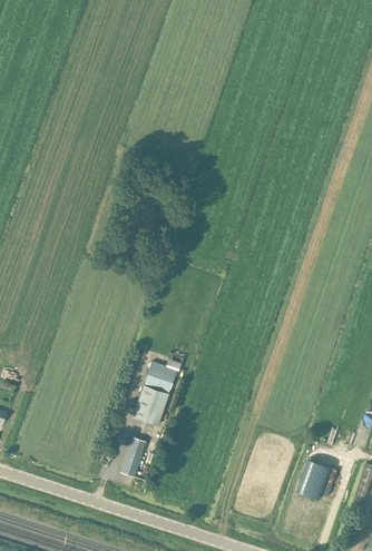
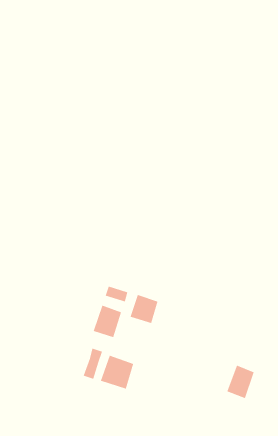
building: none -> [130,294,158,324]
building: none -> [100,355,134,389]

